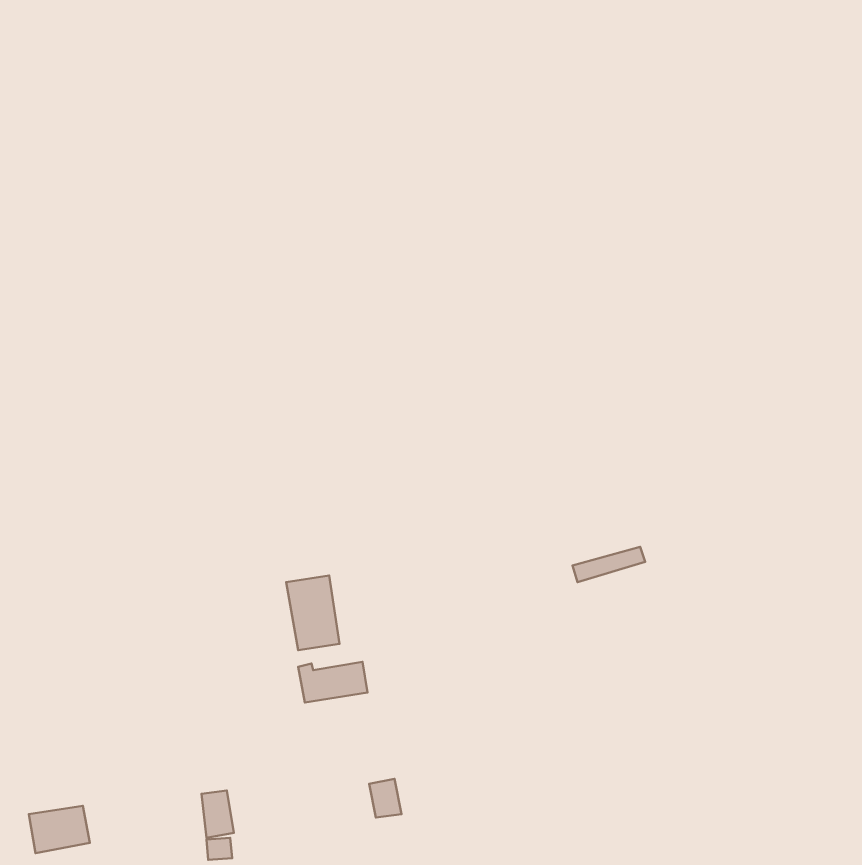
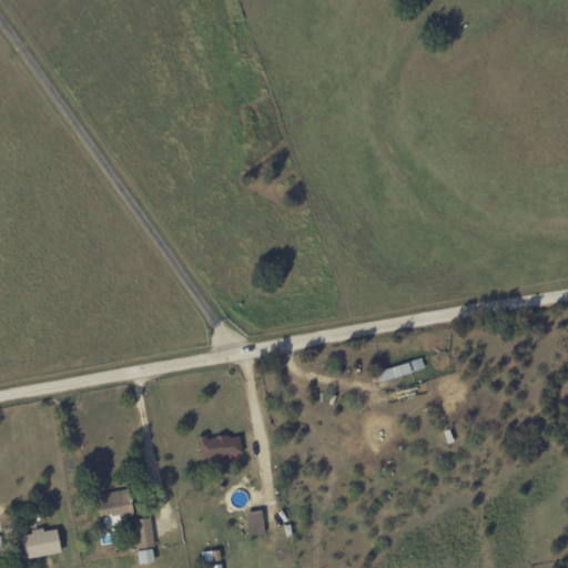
building: [286,575,339,650] -> none
building: none -> [98,489,134,529]

